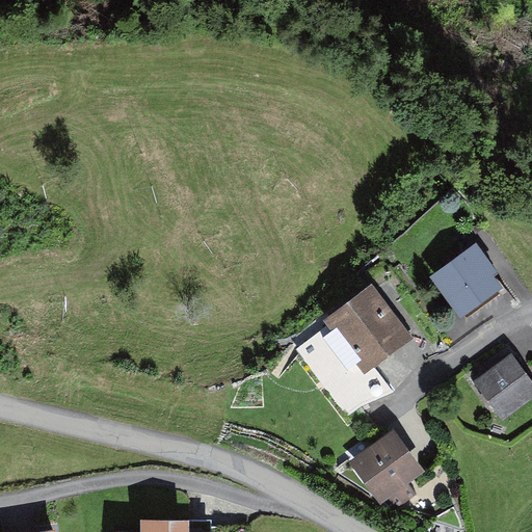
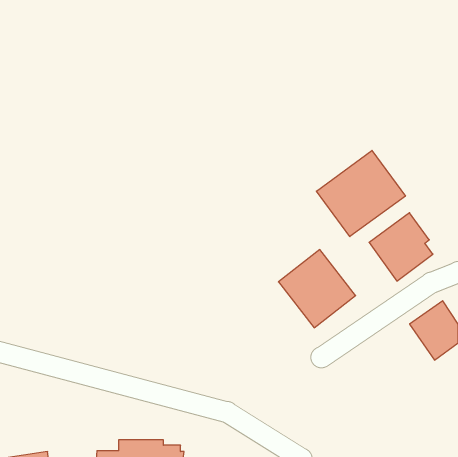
building: none -> [316,150,405,237]
building: [348,426,424,509] -> none

